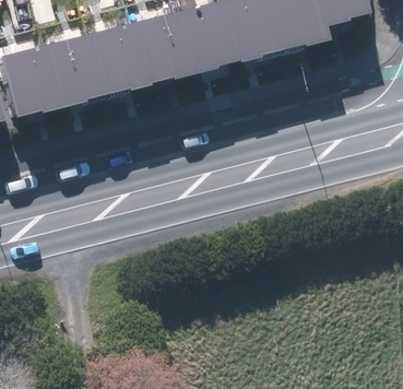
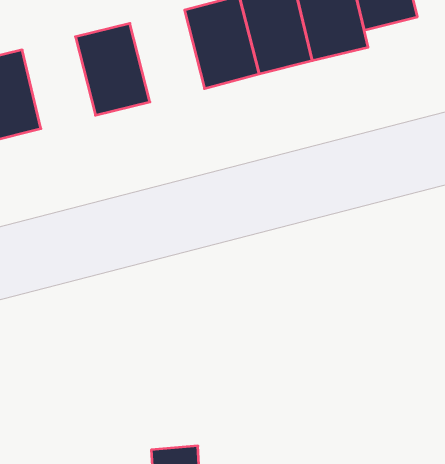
building: [131,10,192,85] -> none
building: [43,32,103,107] -> none

